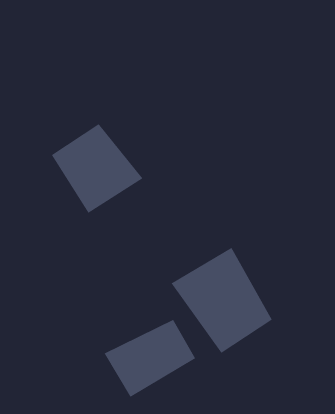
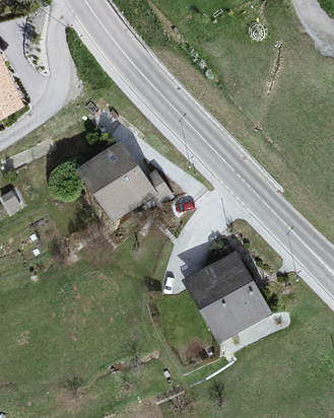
building: [104,319,196,398] -> none

